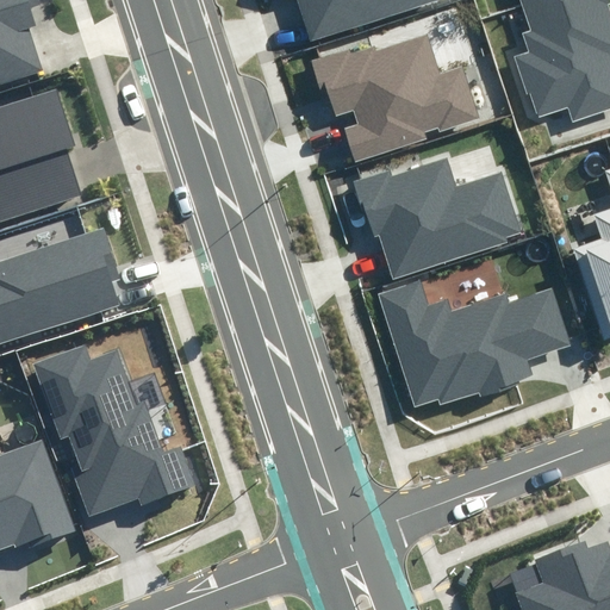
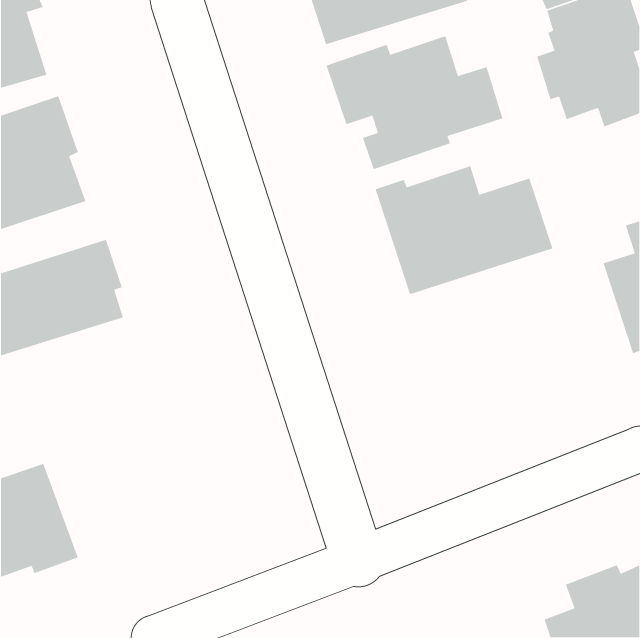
building: [374,276,571,407] -> none
building: [31,340,192,517] -> none

